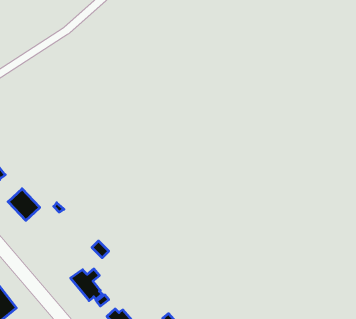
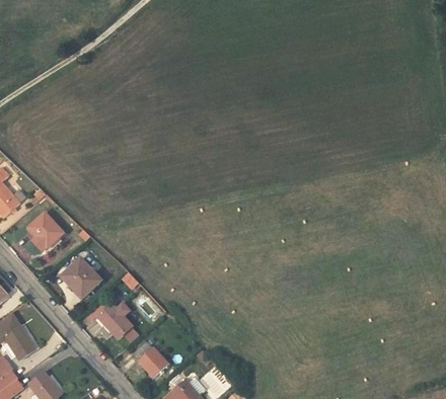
building: none -> [61,258,98,293]

